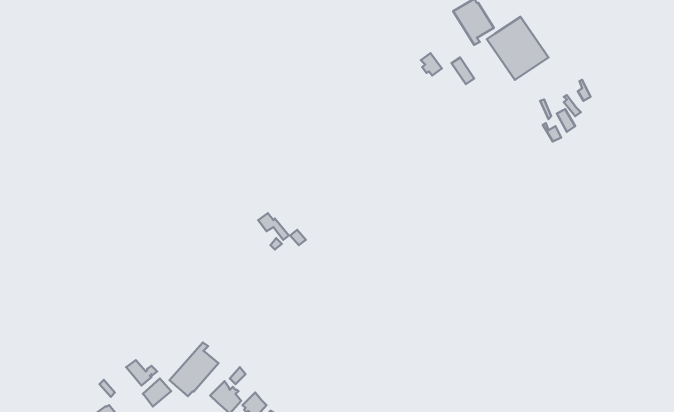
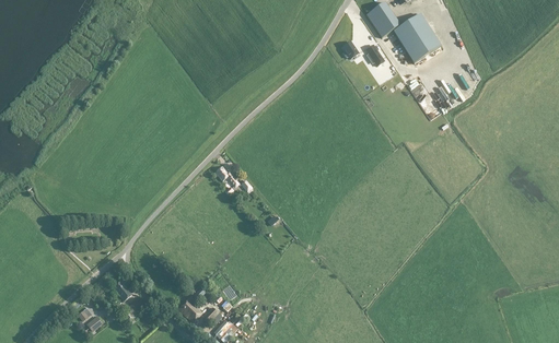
building: [169,343,219,396] -> none

